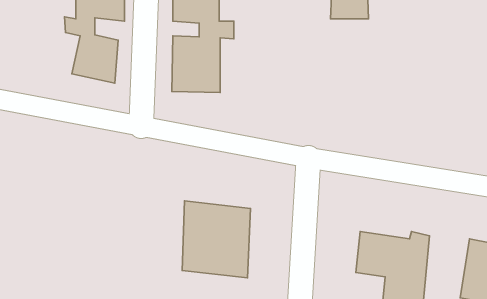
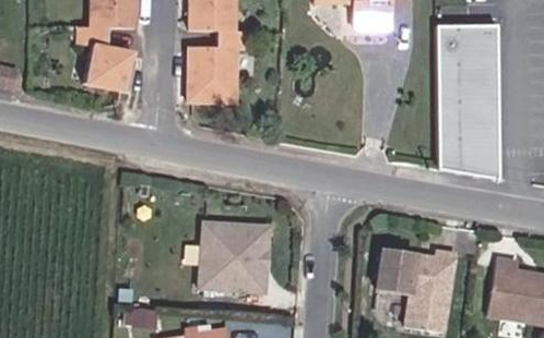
building: none -> [433,26,497,181]

